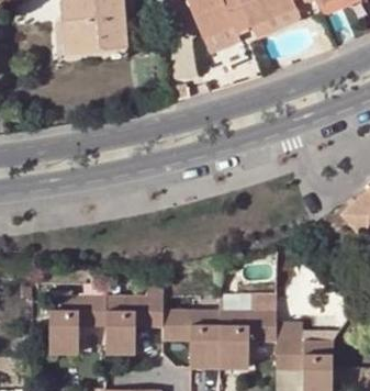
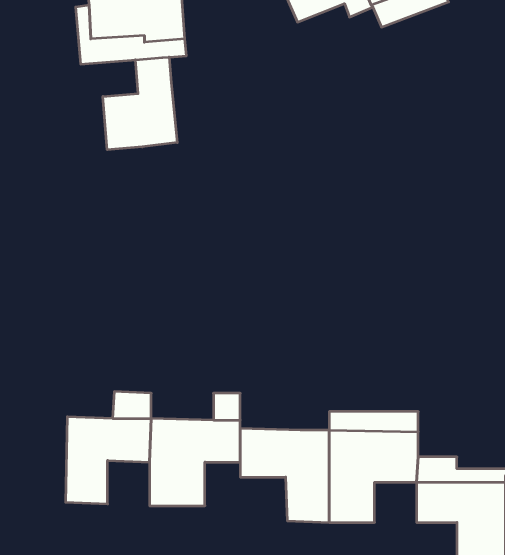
building: none -> [103,57,177,150]

